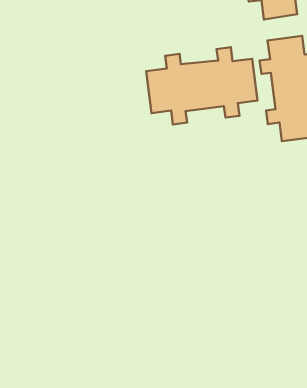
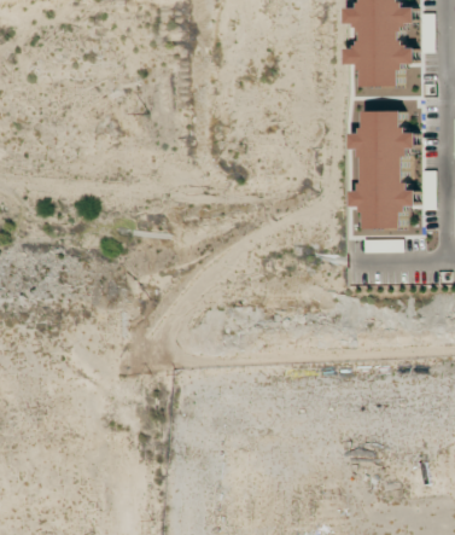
building: [146,47,258,124] -> none

